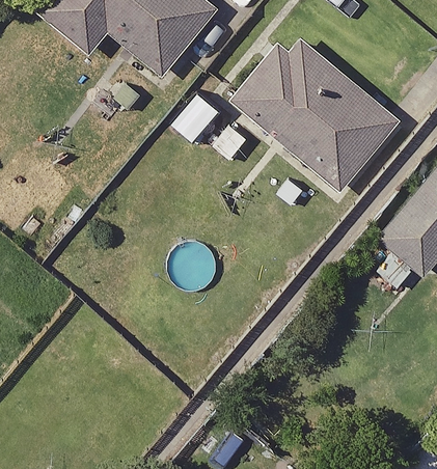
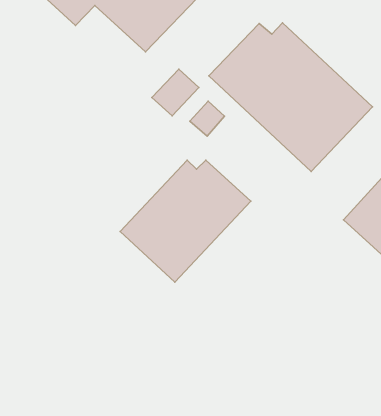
building: none -> [120,160,251,282]

